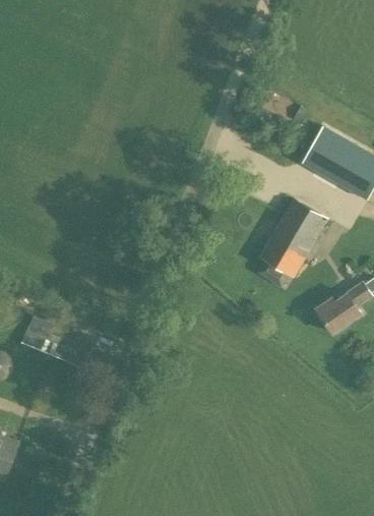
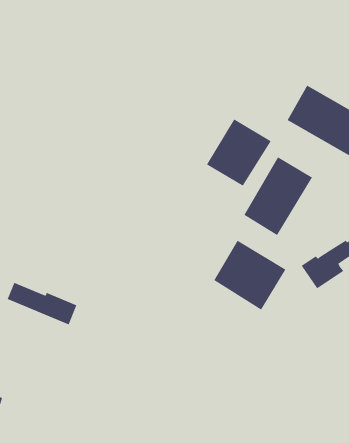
building: none -> [206,118,271,186]
building: none -> [213,240,286,310]

